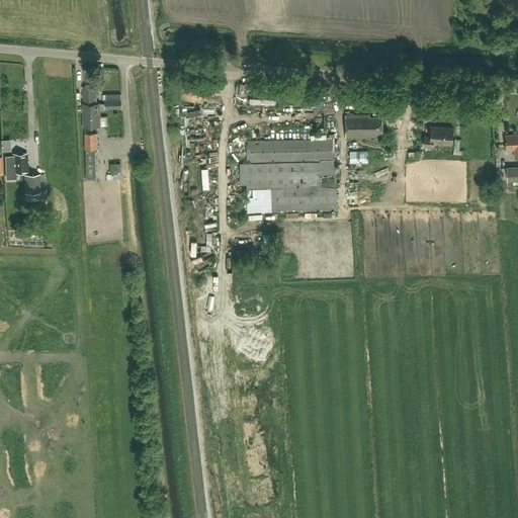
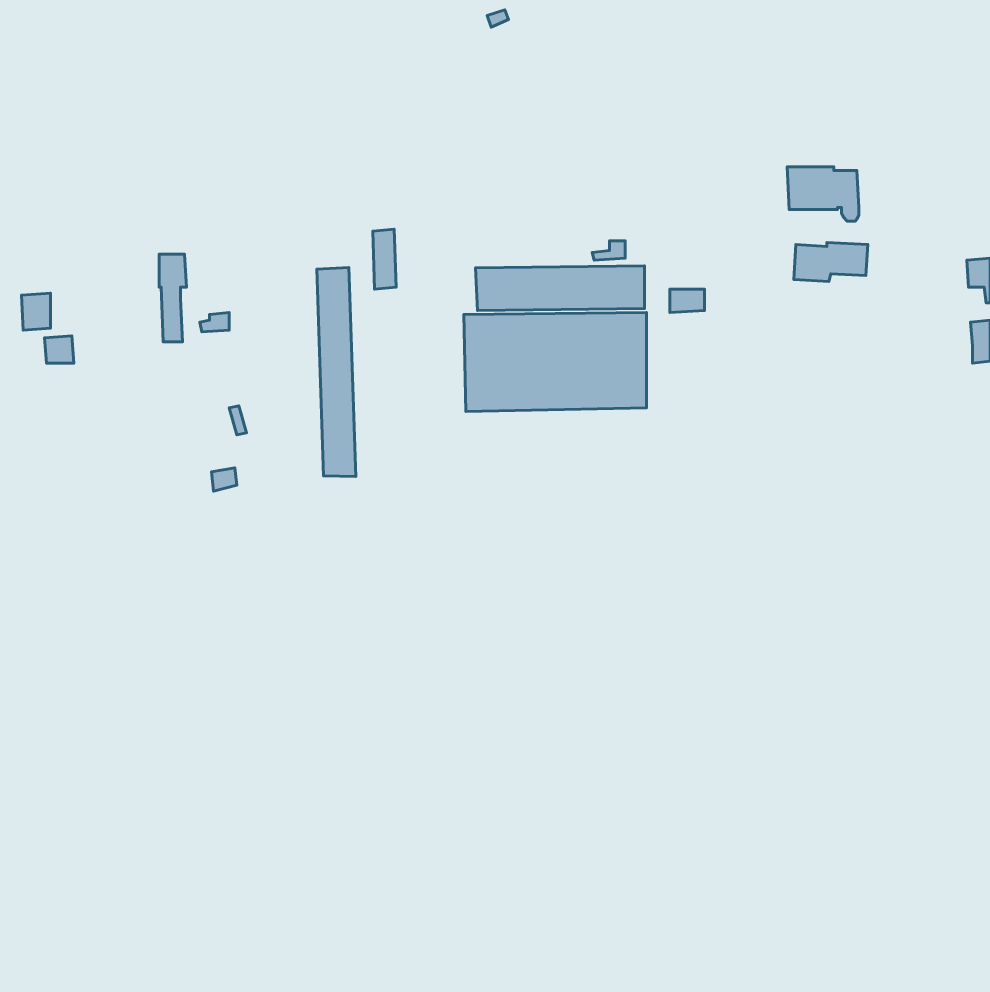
building: [82,86,120,125] -> none
building: [344,114,381,143] -> [787,167,859,221]
building: none -> [317,268,356,477]

